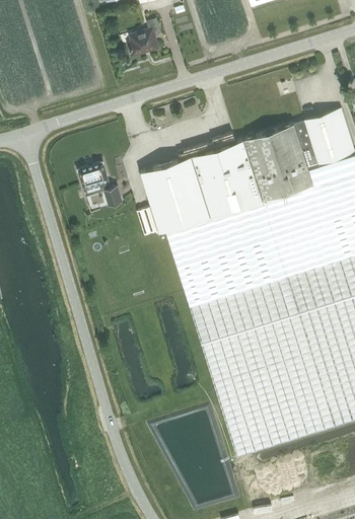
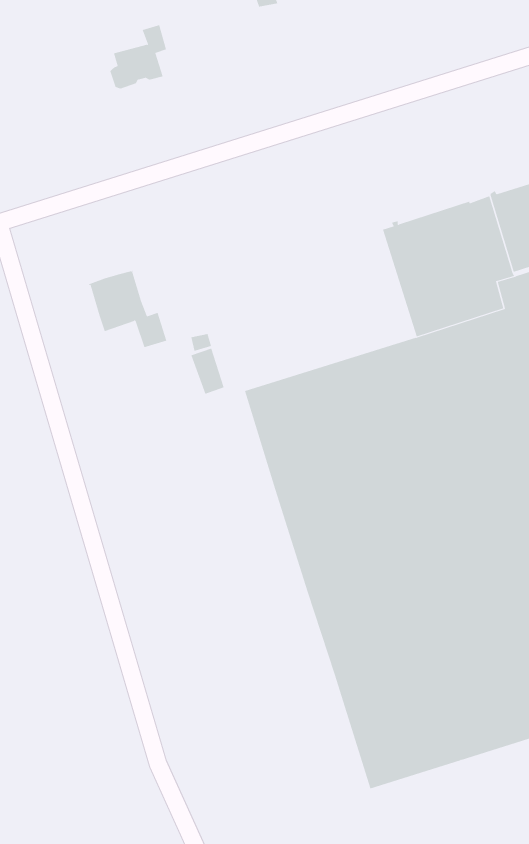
building: [129,21,161,58] -> [110,24,167,89]
building: [141,142,264,235] -> none

